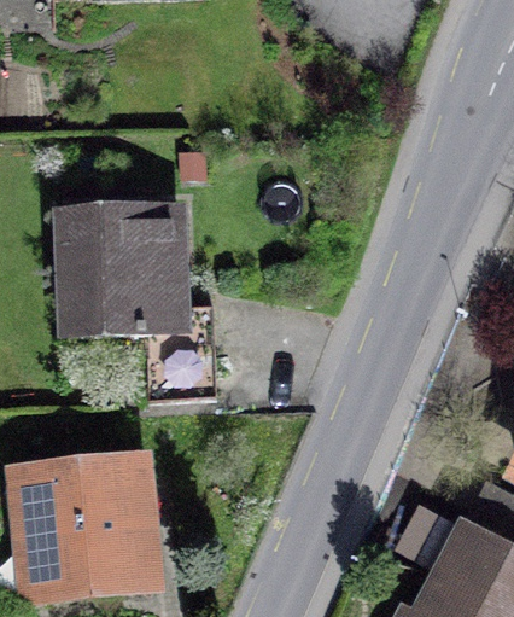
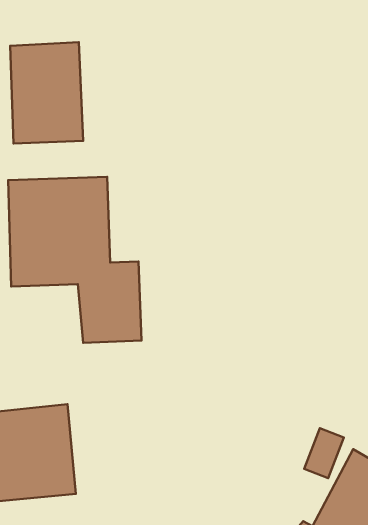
building: none -> [10,42,83,143]

